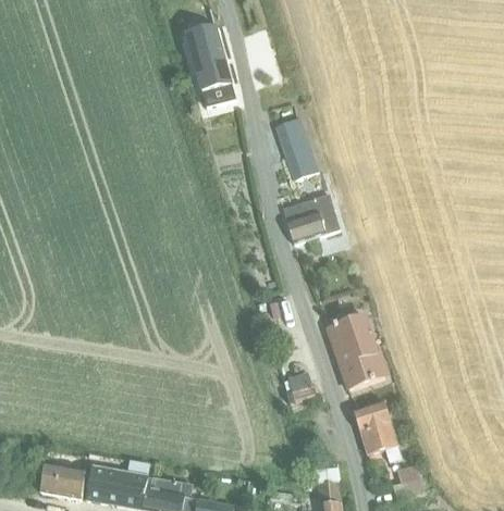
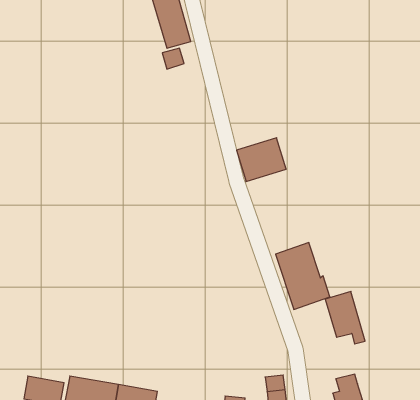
building: [274,117,319,180] -> none
building: [287,371,319,402] -> none
building: [354,401,399,461] -> [325,291,365,344]

